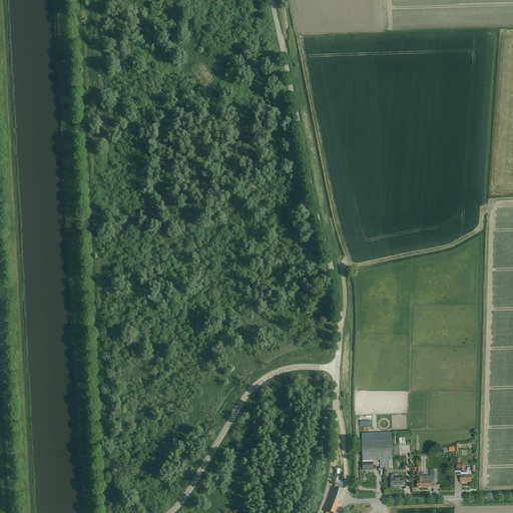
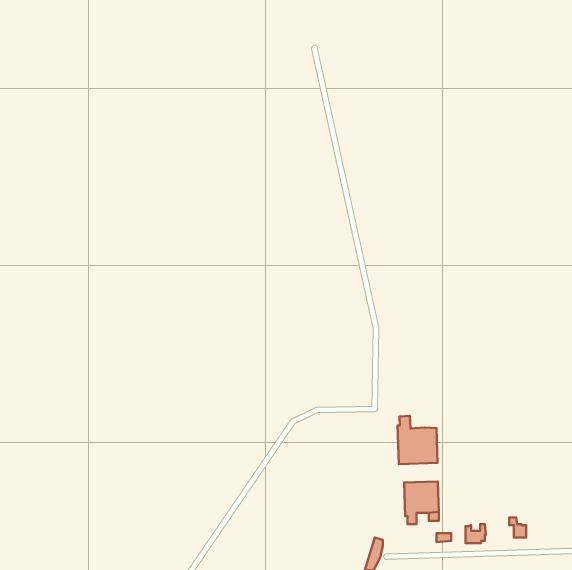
building: none -> [397,416,438,464]

